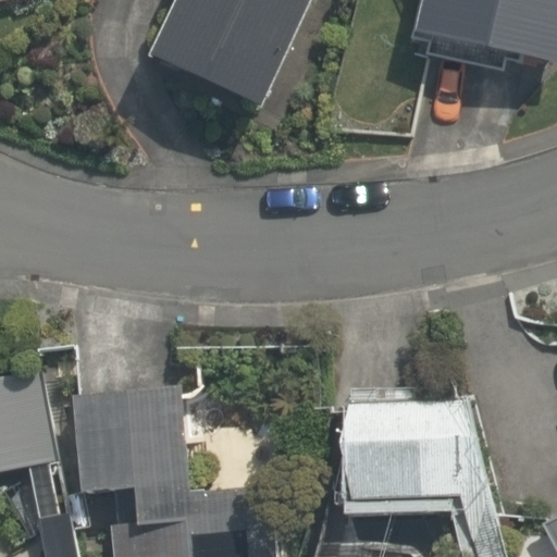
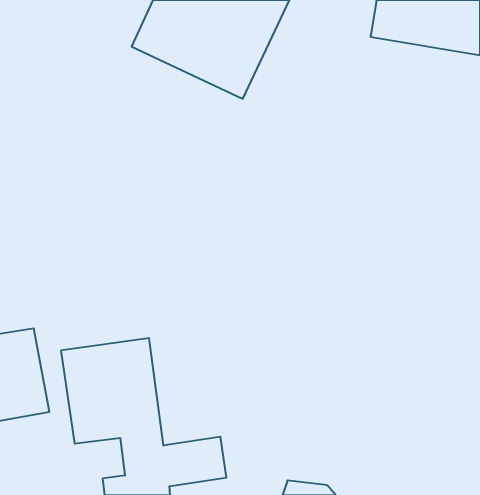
building: [346,399,457,502] -> none

